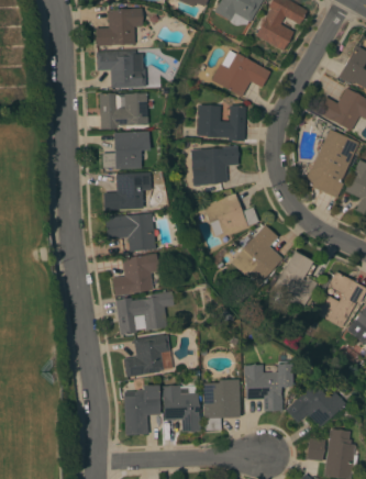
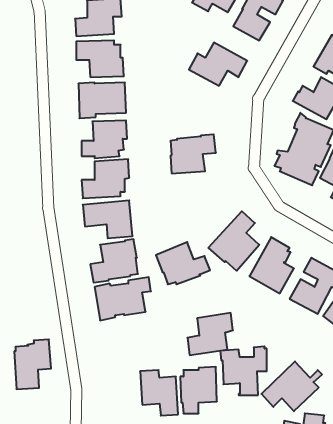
building: [198,104,246,142] -> none
building: [203,193,258,236] -> [156,242,210,284]
building: [124,334,170,377] -> [187,313,233,355]
building: [123,385,160,435] -> [14,339,51,389]

